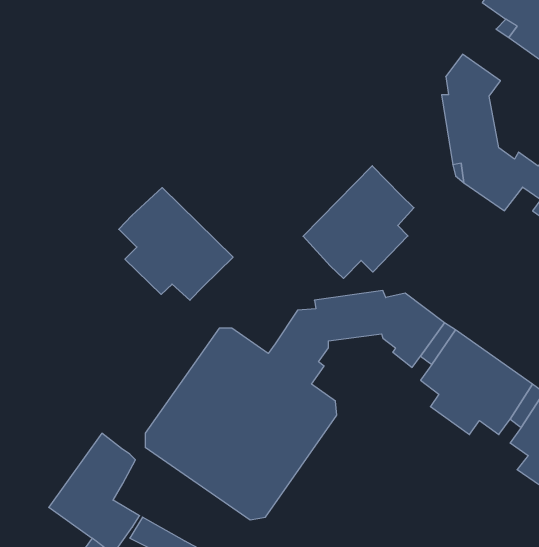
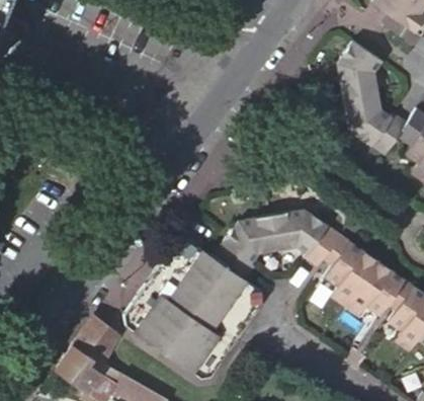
building: [303,166,414,278] -> none
building: [119,188,233,300] -> none

